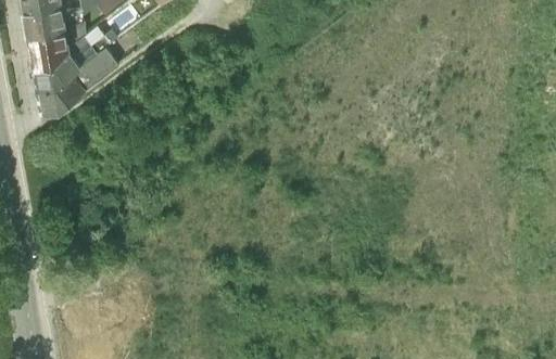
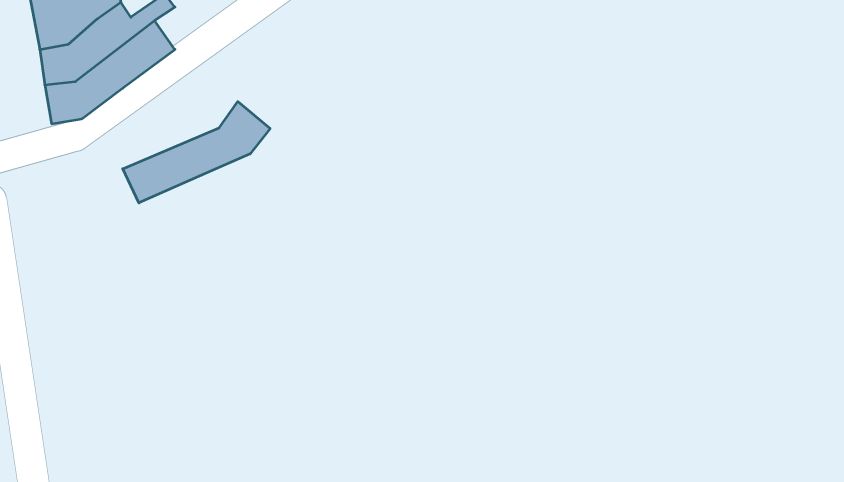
building: none -> [123,102,270,203]

